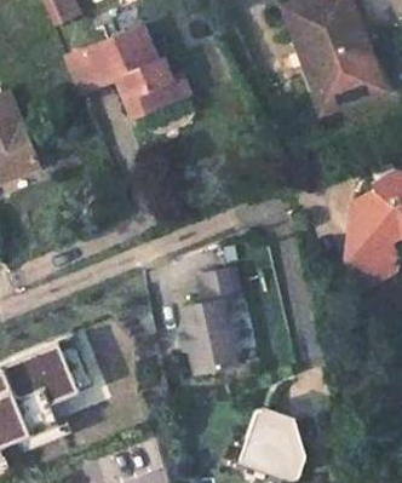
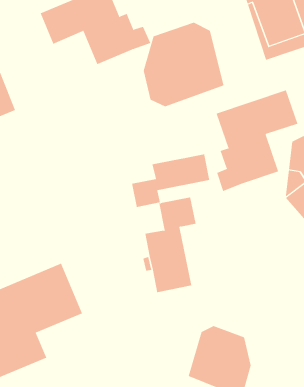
building: none -> [143,22,224,107]
building: none -> [216,89,298,192]
building: none -> [131,153,210,208]

